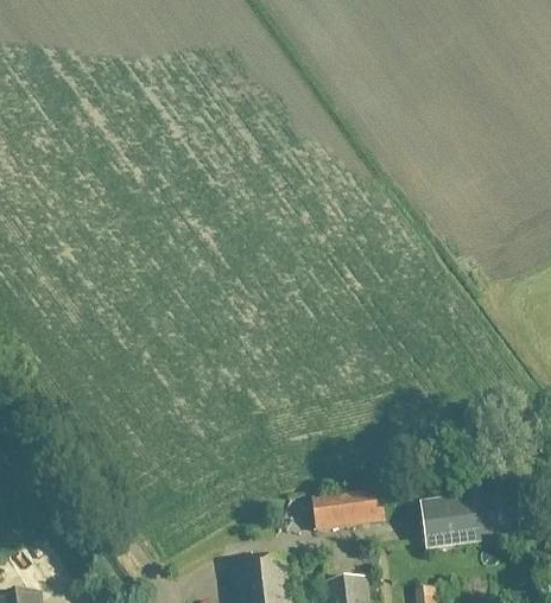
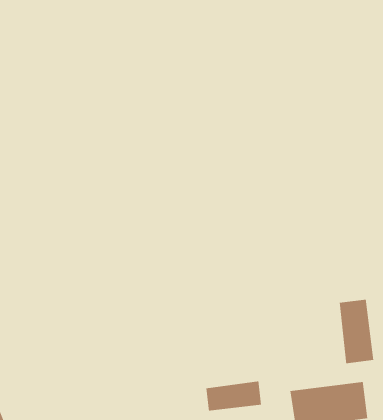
building: none -> [339,299,374,364]

